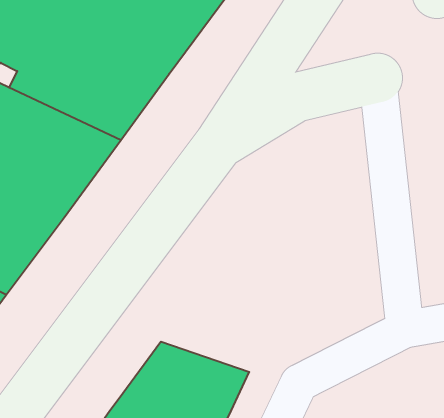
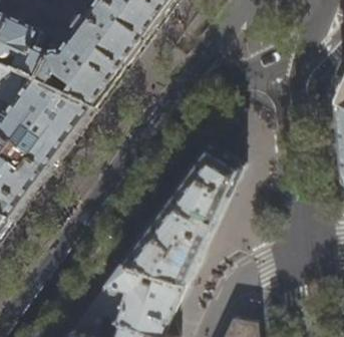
building: none -> [123,141,242,278]

